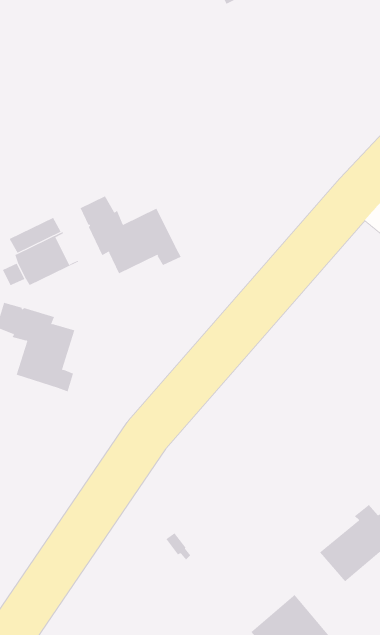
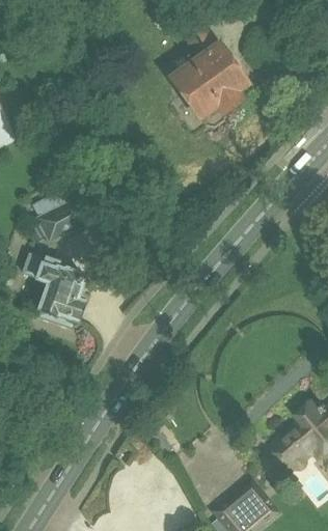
building: none -> [167,27,244,125]
building: [80,195,182,274] -> none

